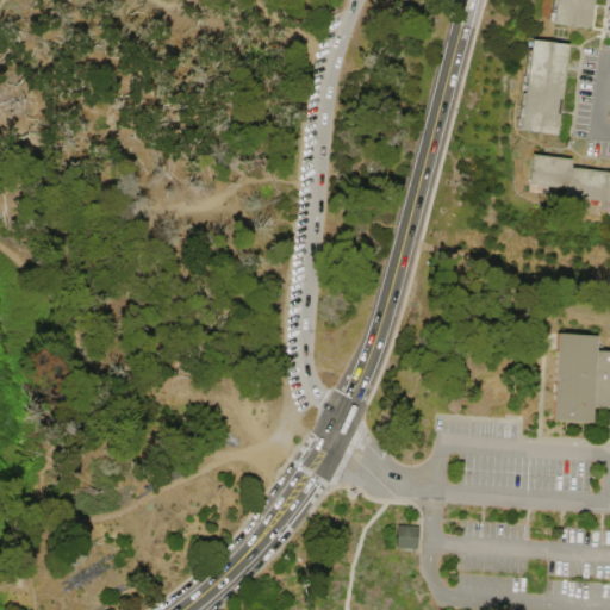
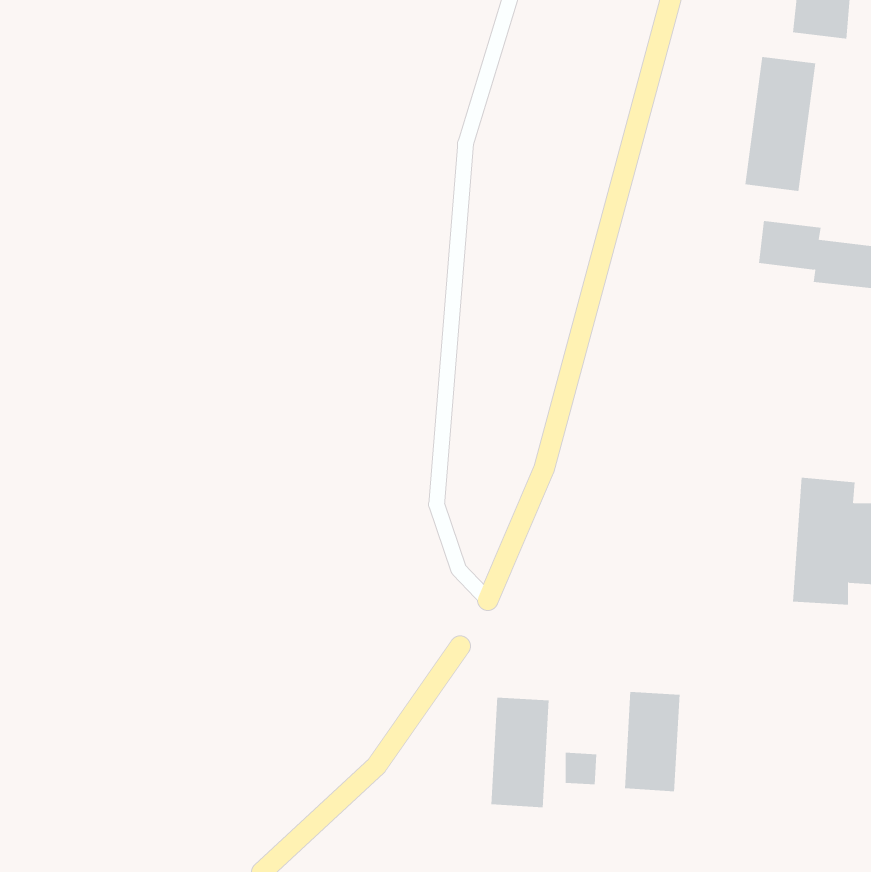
building: none -> [624,691,680,792]
building: none -> [491,697,549,808]

